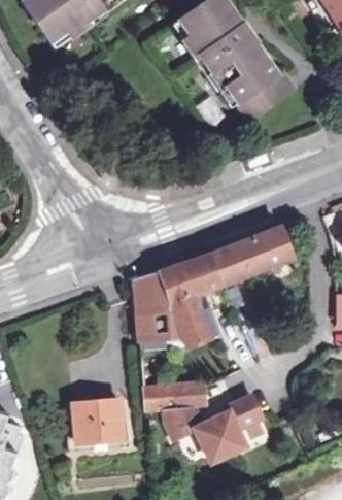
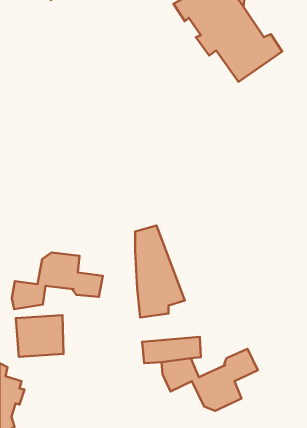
building: [160,226,293,346] -> none
building: none -> [12,253,103,309]
building: [73,399,122,441] -> [16,315,63,357]

